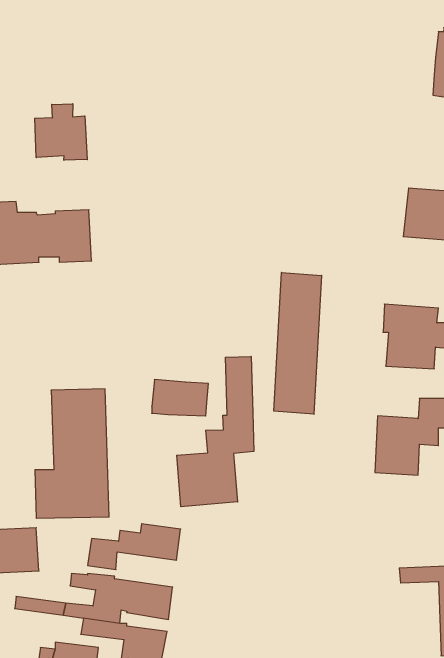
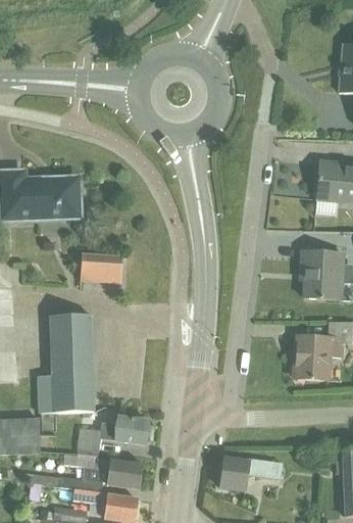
building: [35,104,87,160] -> none
building: [274,272,322,414] -> none
building: [177,356,254,507] -> none
building: [152,380,208,416] -> [80,253,122,281]
building: none -> [219,456,282,489]

